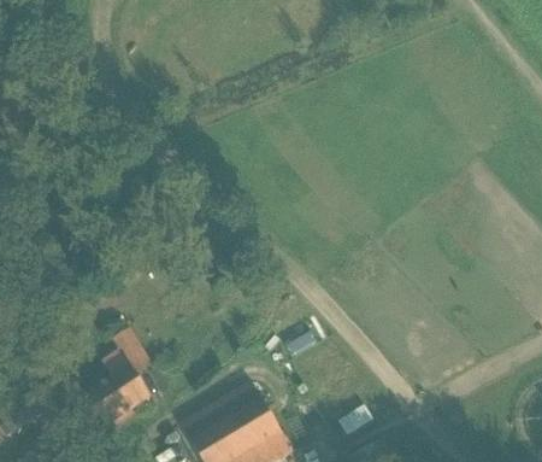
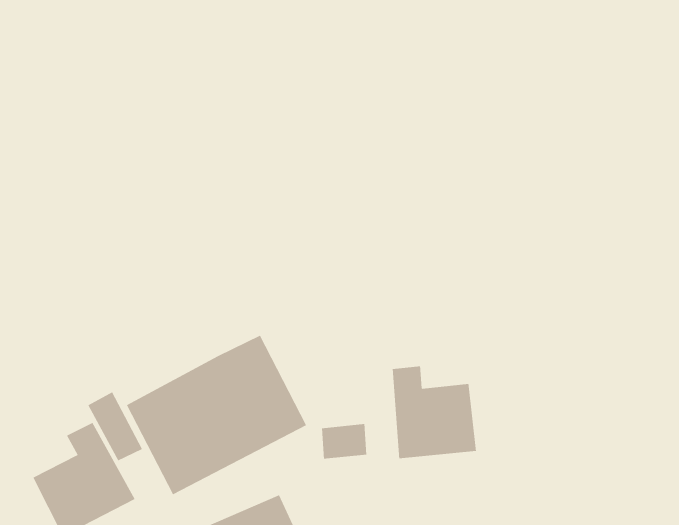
building: none -> [126,335,307,495]
building: none -> [392,365,476,459]

